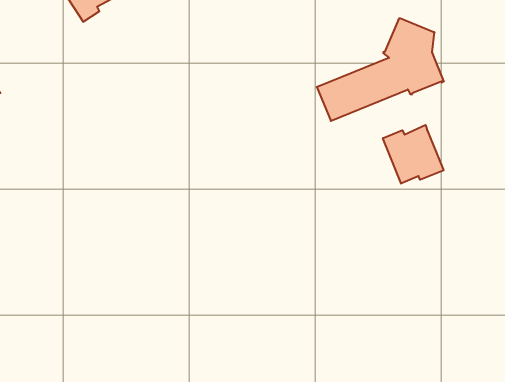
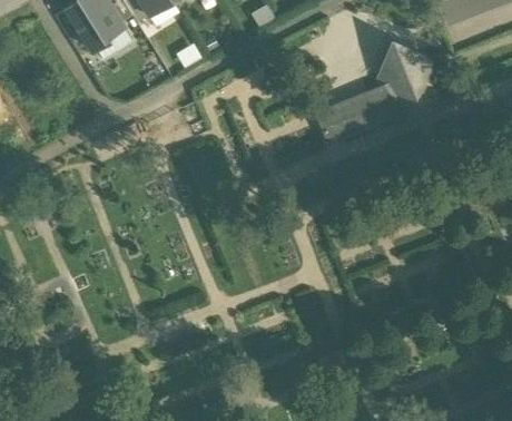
building: [383,125,444,184] -> none

